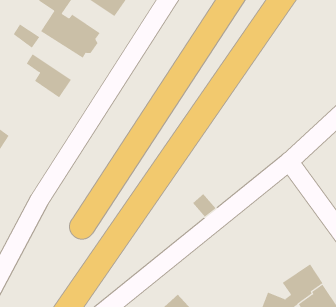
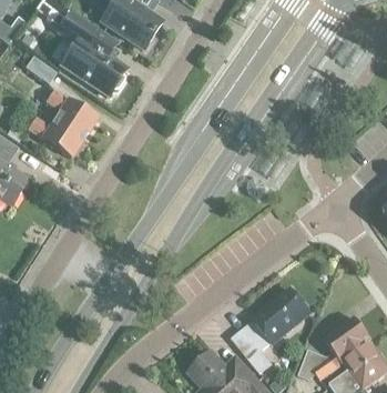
building: none -> [28,117,83,157]
building: none -> [232,289,309,360]

